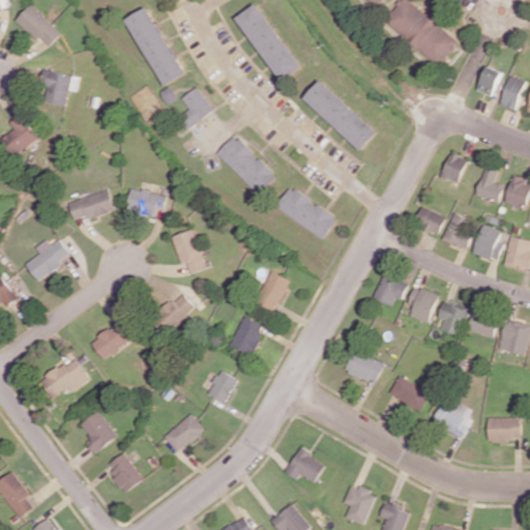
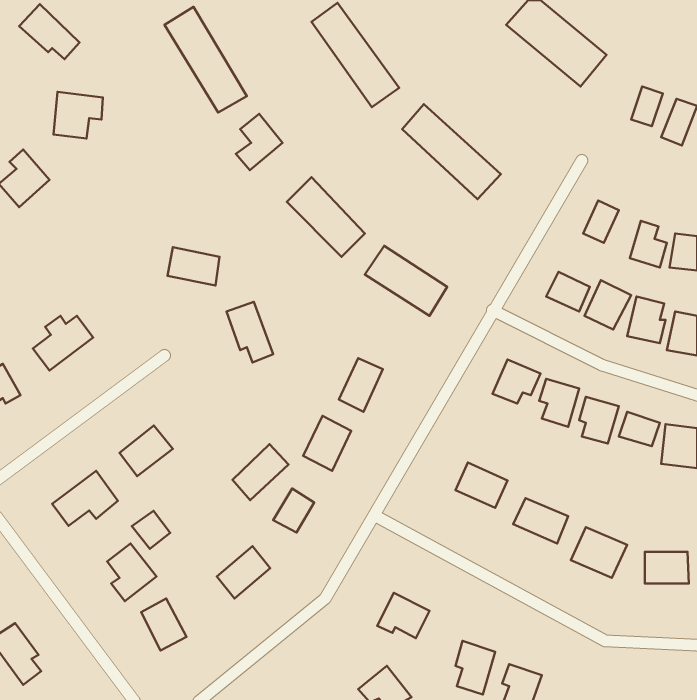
building: [68,189,114,223] -> none
building: [152,292,195,334] -> [232,444,289,500]
building: none -> [132,511,170,549]

